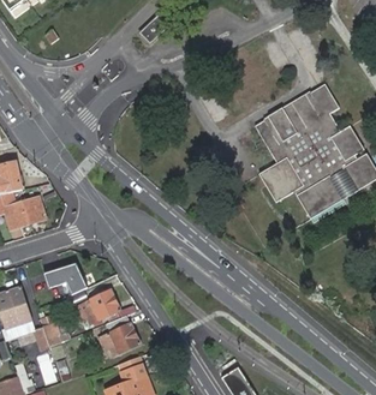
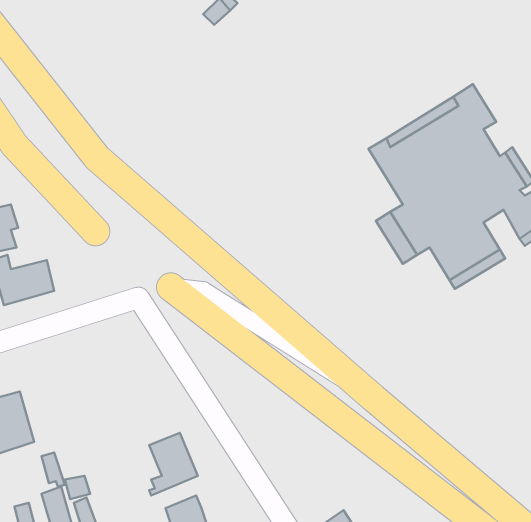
building: [44,263,86,294] -> none
building: [85,288,120,324] -> none

